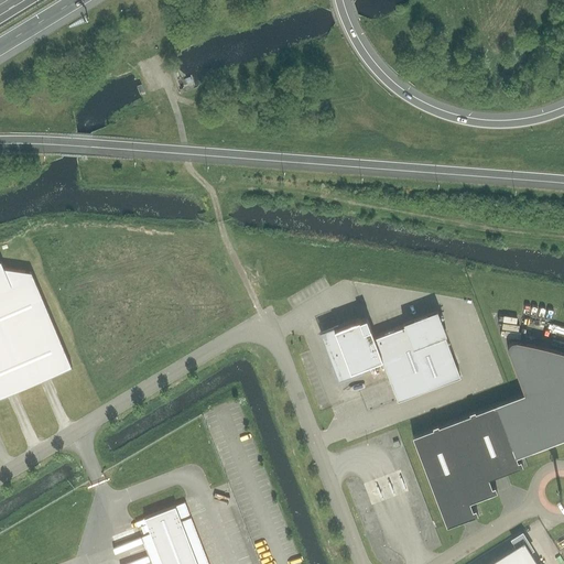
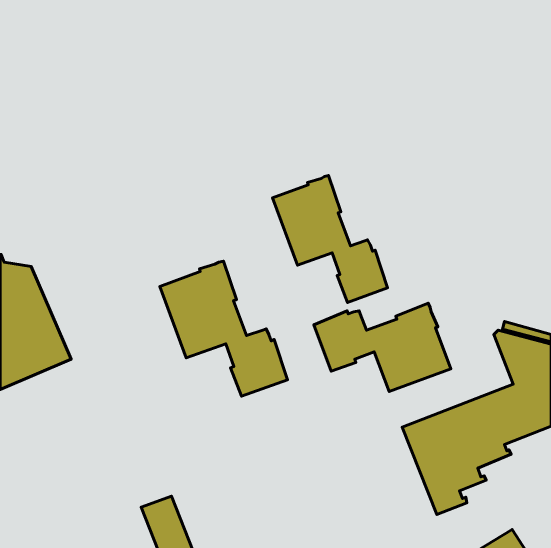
building: none -> [273,176,388,302]
building: none -> [160,261,287,396]

